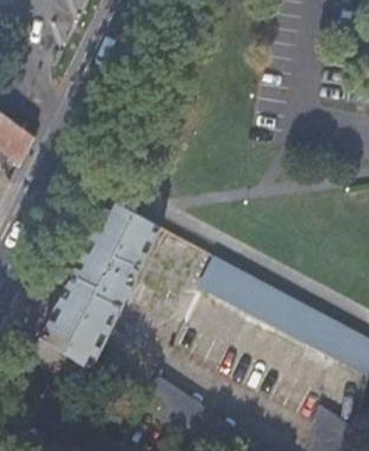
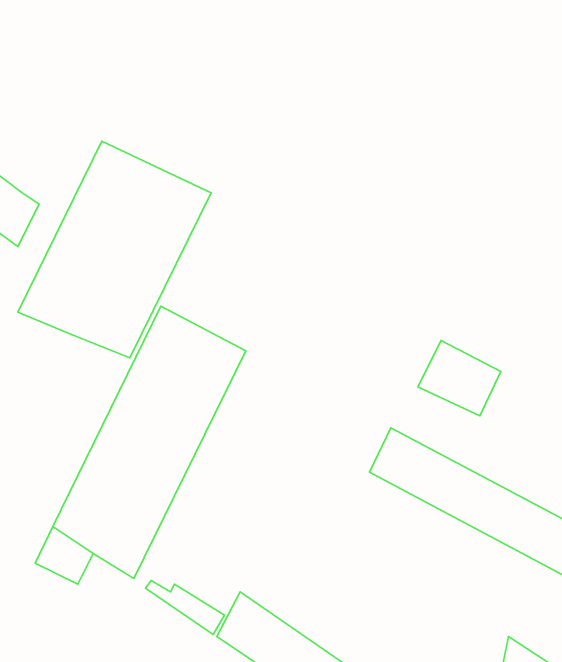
building: none -> [18,141,211,358]
building: [199,256,250,302] -> [418,341,501,416]

